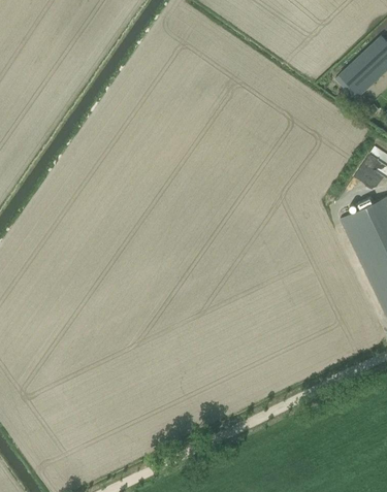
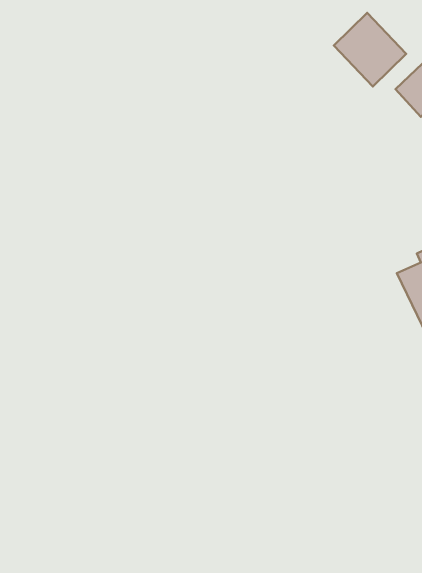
building: none -> [334,13,406,87]

